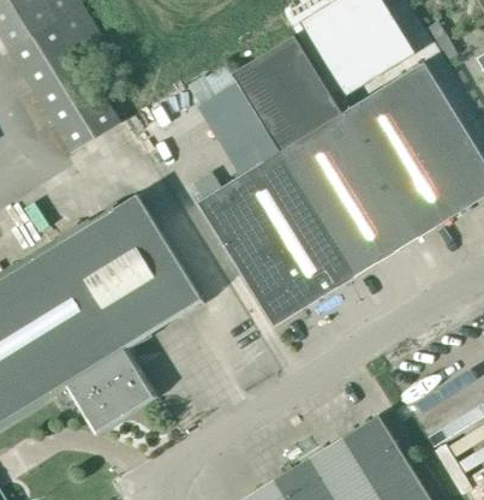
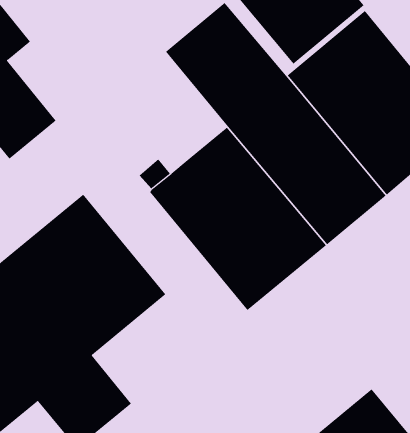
building: [197,83,279,175] -> none

